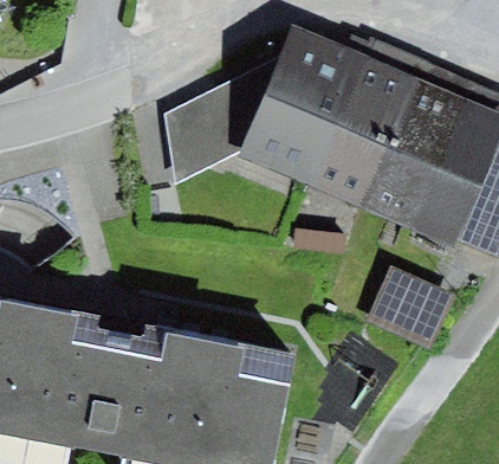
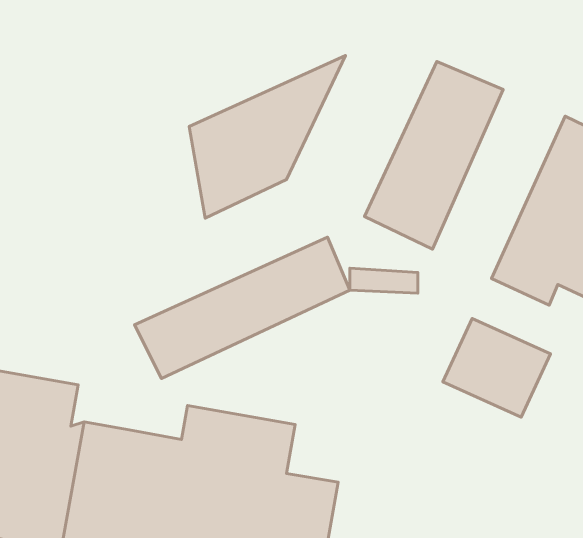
building: [244,27,364,180] -> none
building: [361,78,467,230] -> none
building: none -> [134,237,350,378]

